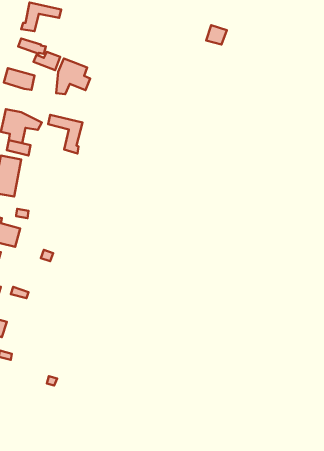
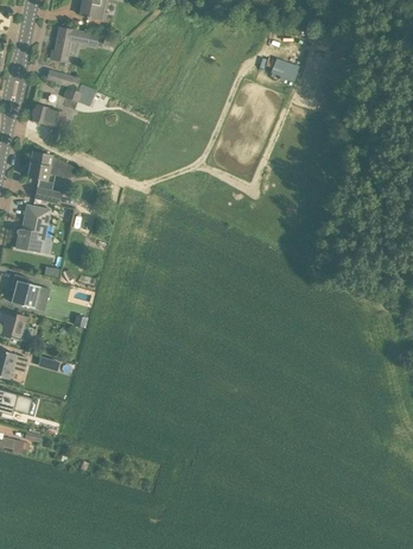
building: [56,59,90,94] -> none
building: [48,115,82,154] -> none

